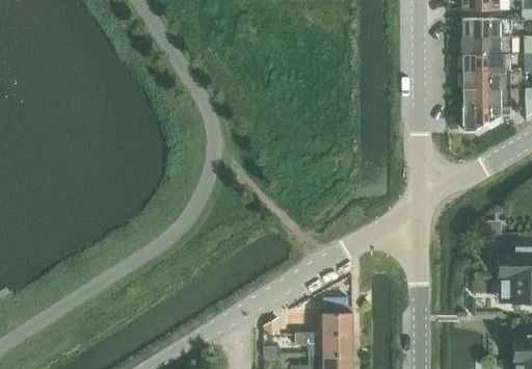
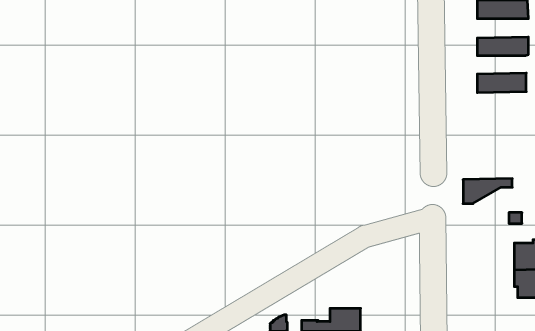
building: [462,35,511,54] -> none
building: [462,71,509,88] -> none
building: [462,105,509,129] -> [463,179,512,204]

